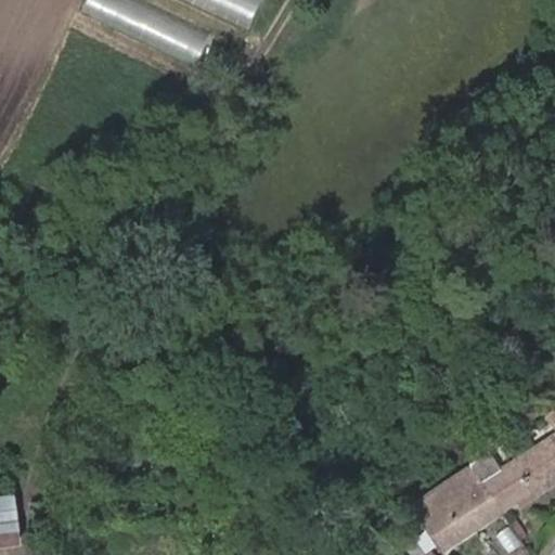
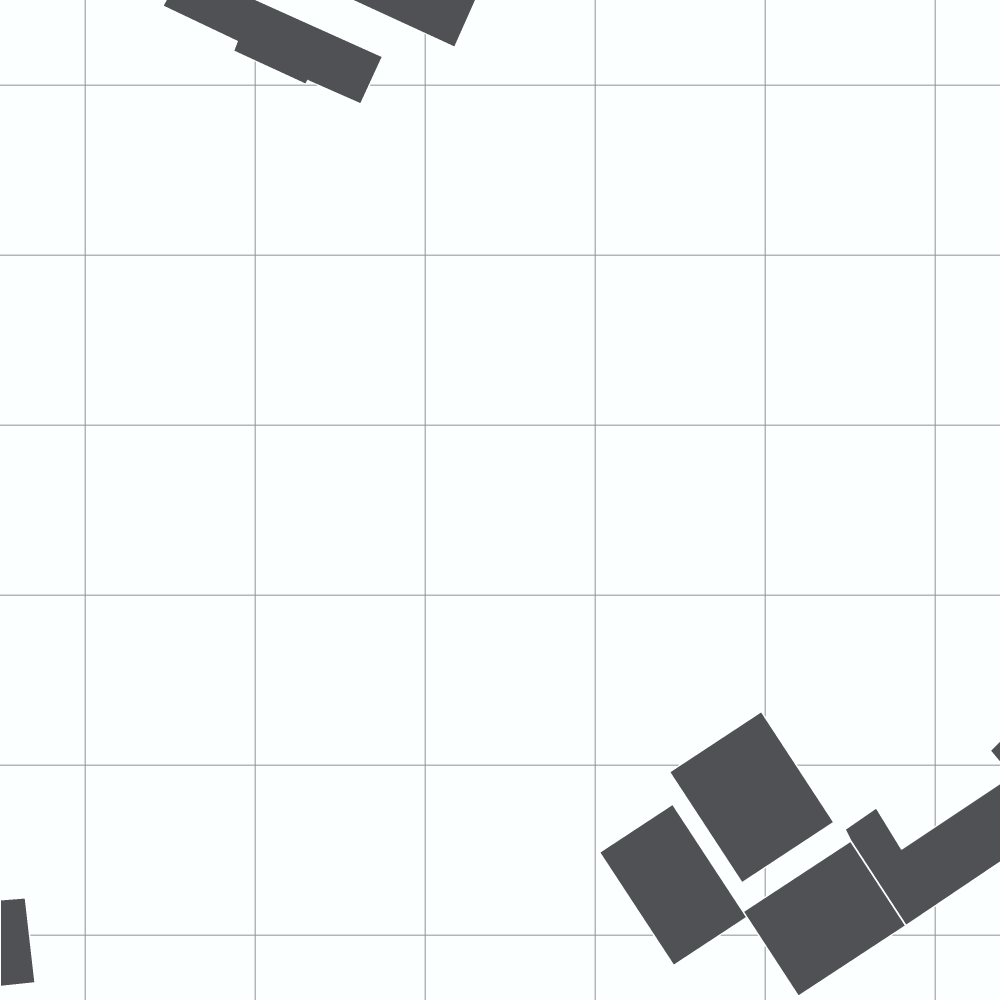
building: none -> [670,712,834,883]
building: none -> [600,804,747,966]

